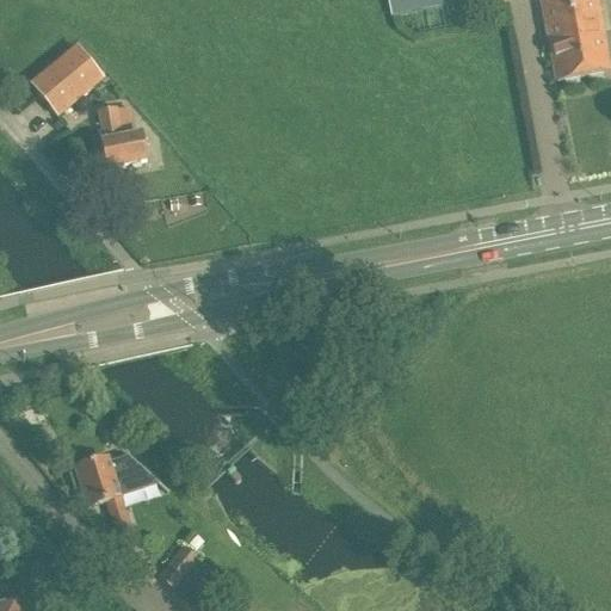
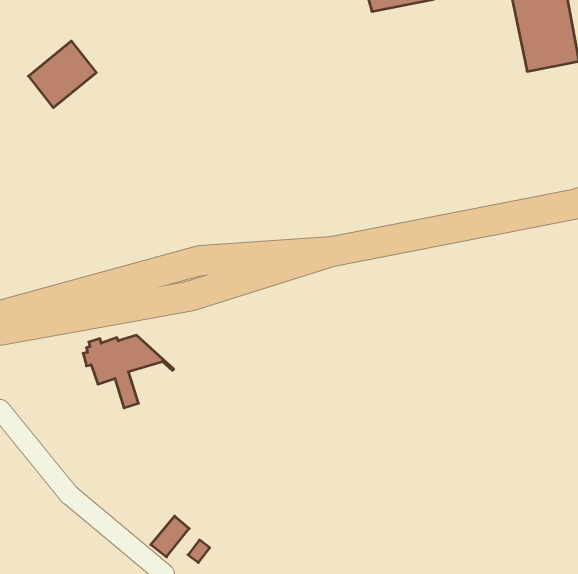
building: [98,105,148,165] -> none
building: [73,452,168,529] -> [83,335,174,408]

